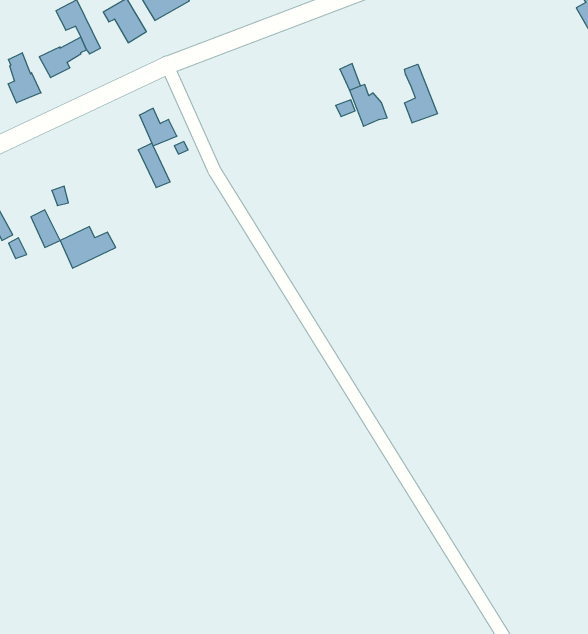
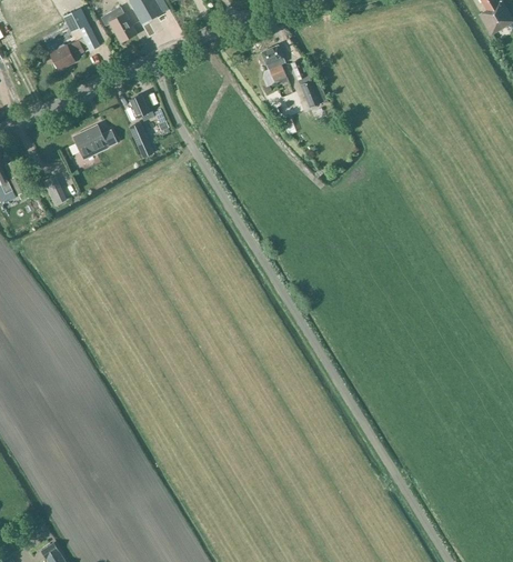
building: none -> [261,44,288,86]
building: [8,53,41,103] -> none
building: [404,64,438,123] -> none
building: [60,227,116,268] -> [73,124,118,158]

